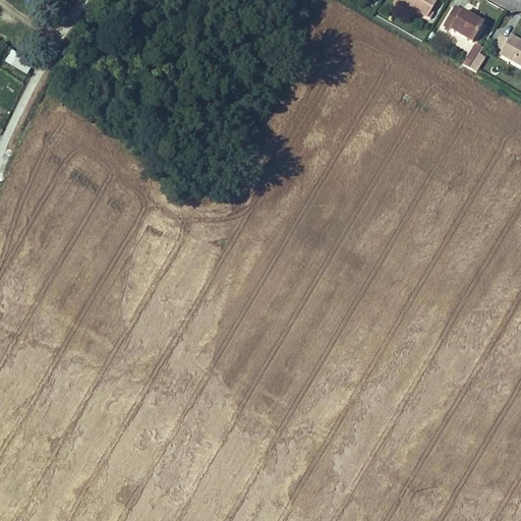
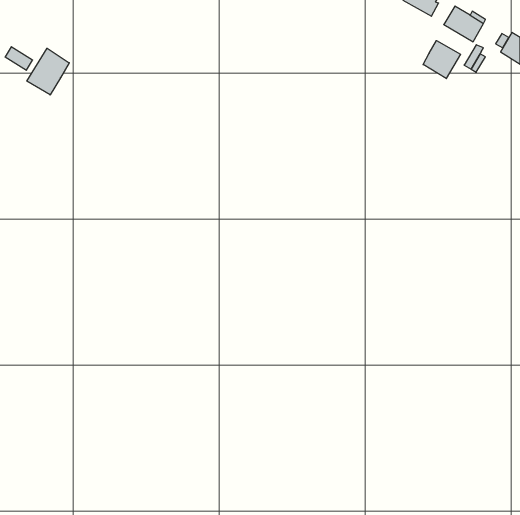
building: none -> [423,41,461,79]
building: none -> [27,48,69,95]

